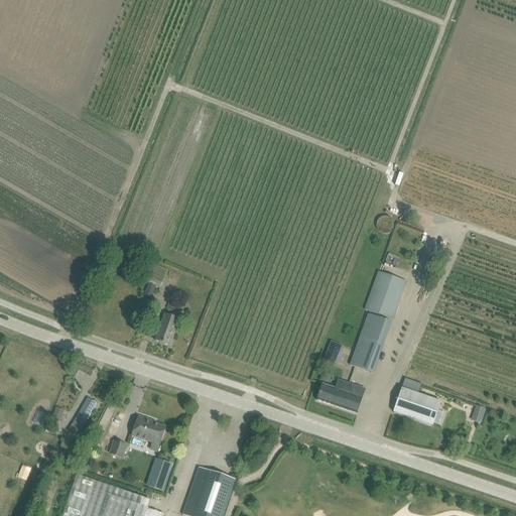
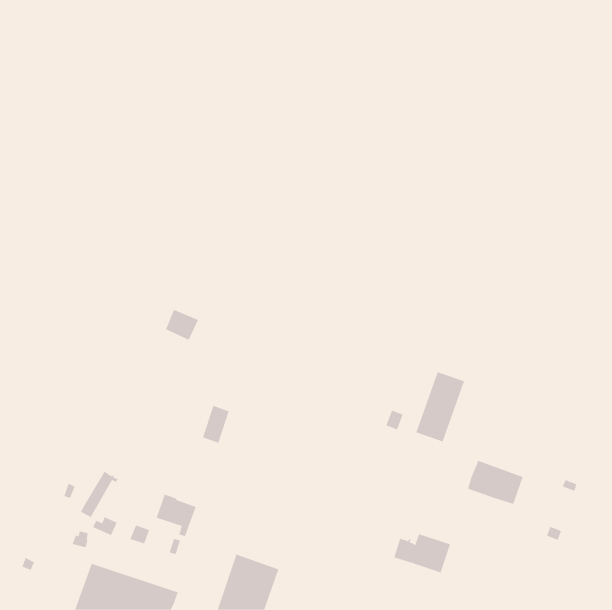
building: [365,268,406,316] -> none
building: [155,312,178,345] -> [202,405,230,444]
building: [316,379,365,412] -> [393,533,451,573]
building: [147,459,170,489] -> none

